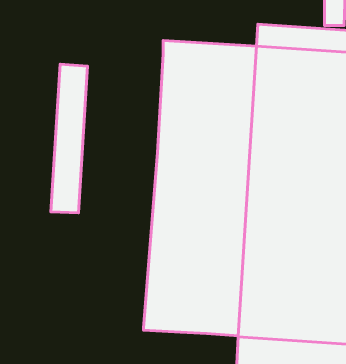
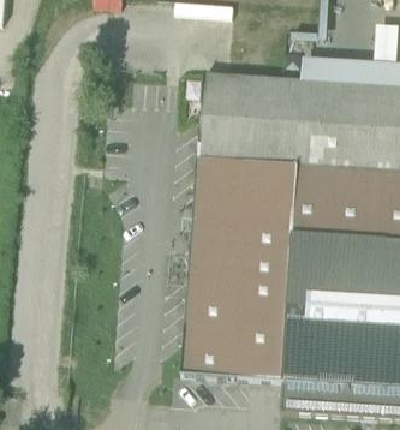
building: [51,64,88,213] -> none

